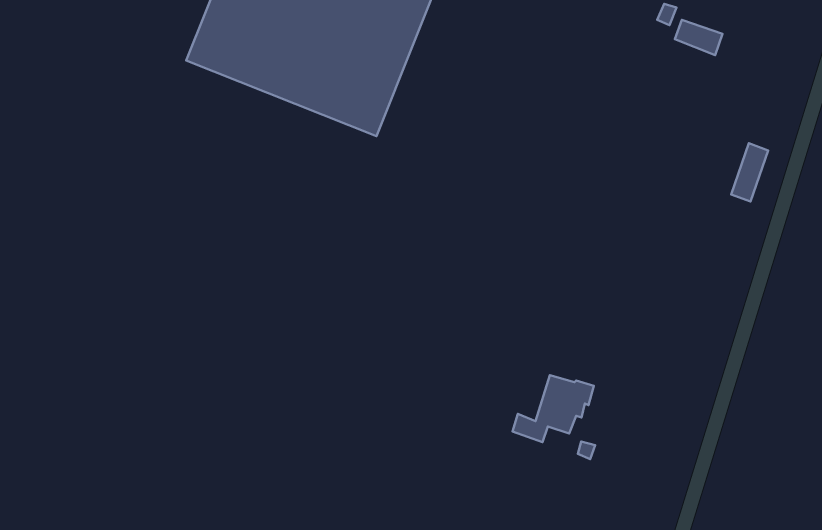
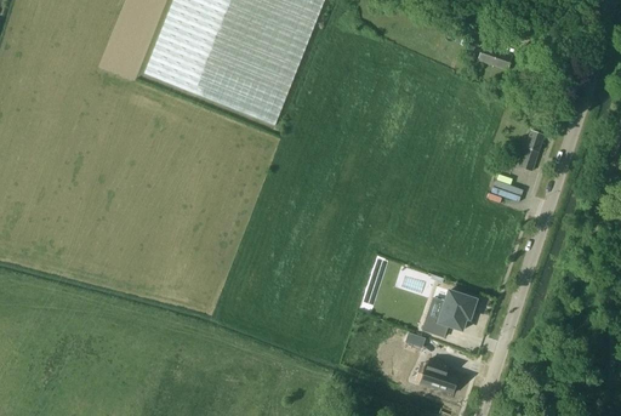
building: [513,375,594,442] -> [422,290,478,336]
building: none -> [421,354,458,389]

